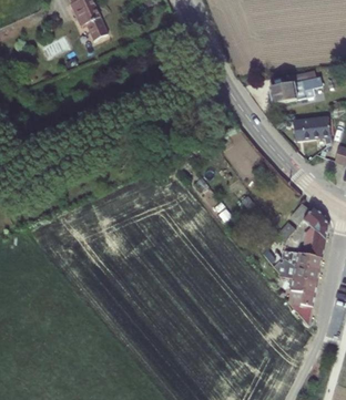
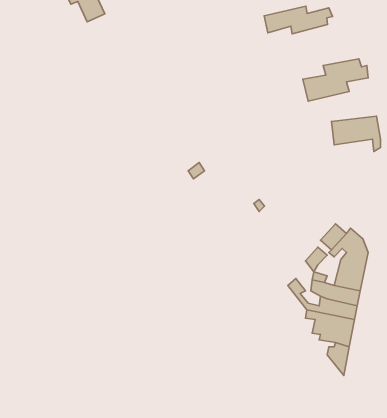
building: none -> [264,6,333,34]

